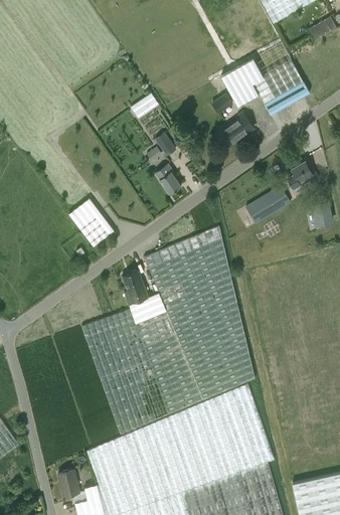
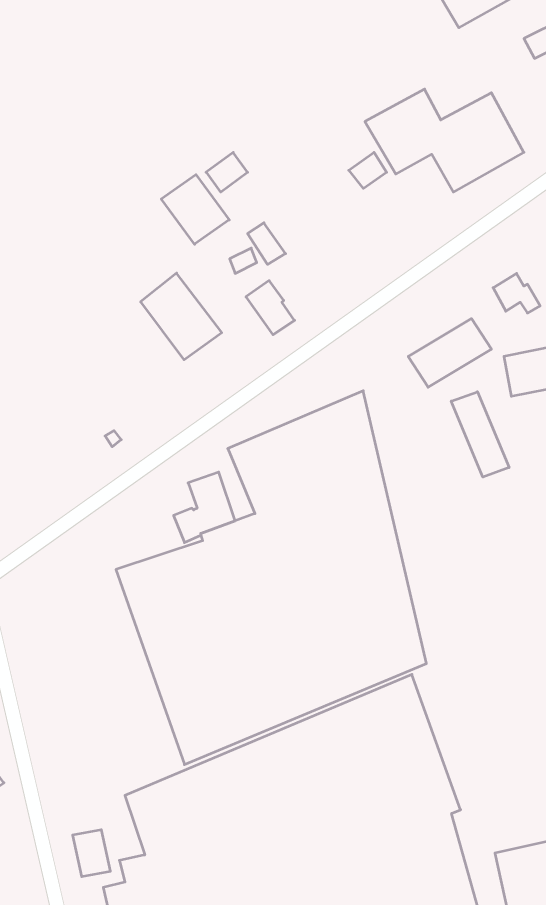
building: none -> [161,175,229,244]
building: [216,115,253,149] -> none
building: [68,198,114,246] -> [141,273,222,360]
building: none -> [451,392,509,477]

